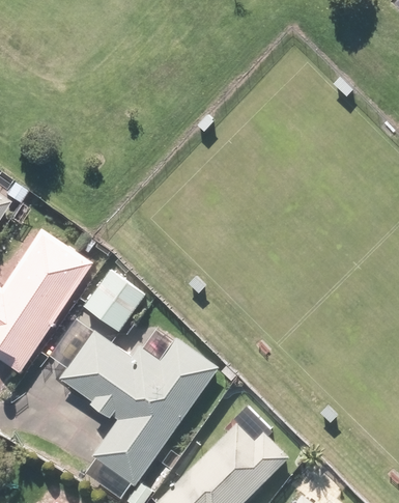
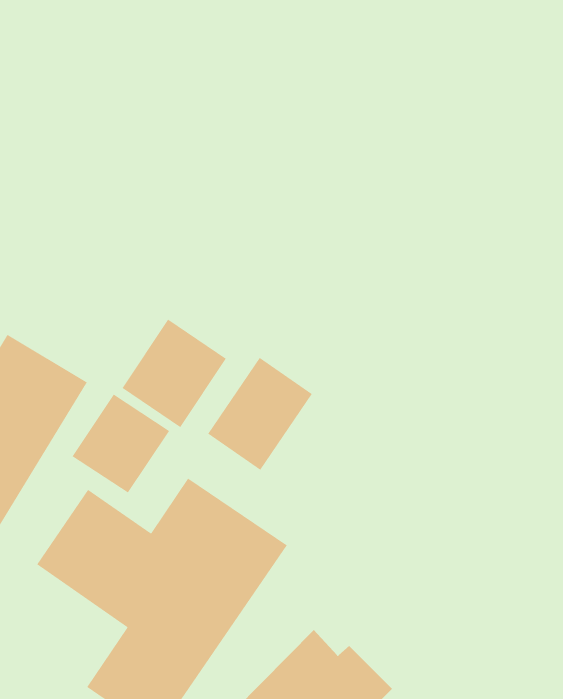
building: none -> [121,319,227,428]
building: none -> [207,357,313,471]

